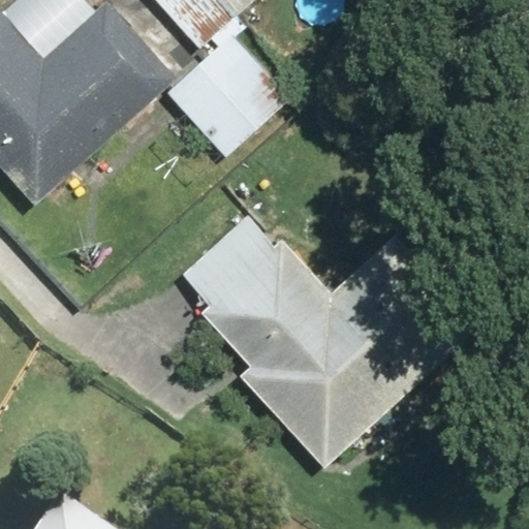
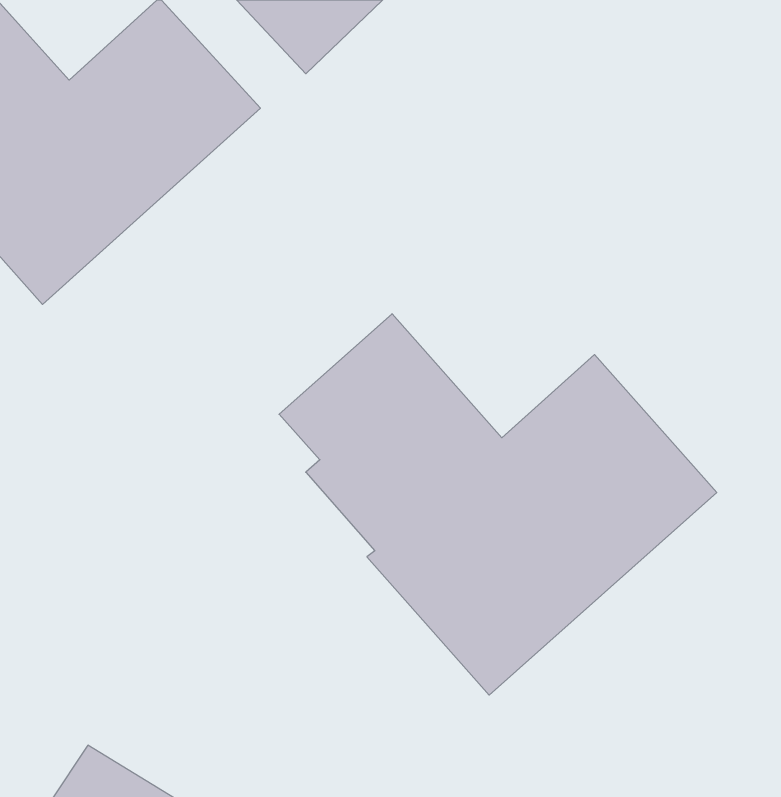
building: [168,37,289,159] -> none

